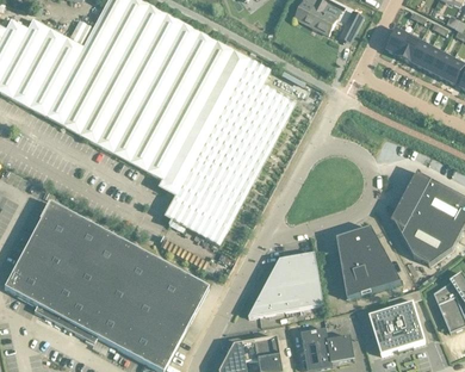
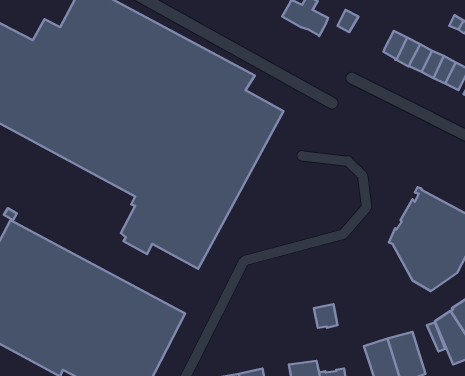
building: [339,231,401,298] -> none
building: [248,252,323,316] -> none

